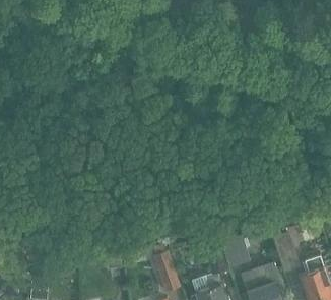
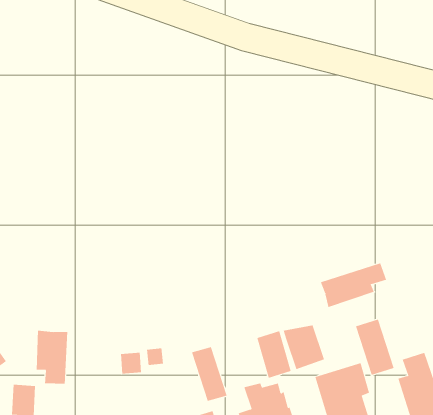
building: none -> [320,262,387,308]
building: none -> [36,330,68,384]

